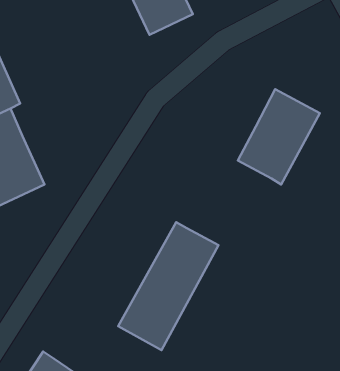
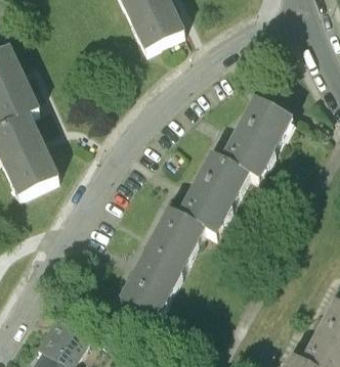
building: none -> [177,153,249,236]

